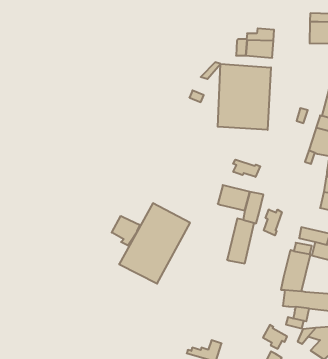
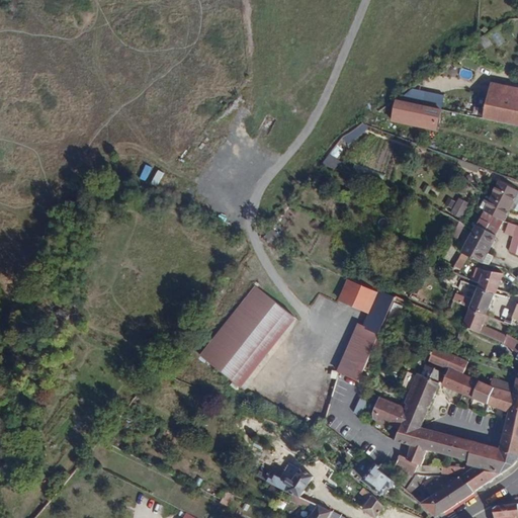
building: [218,64,271,130] -> none
building: [233,160,260,177] -> none
building: [264,209,282,235] -> none
building: [112,216,140,246] -> none
building: none -> [371,397,402,420]

